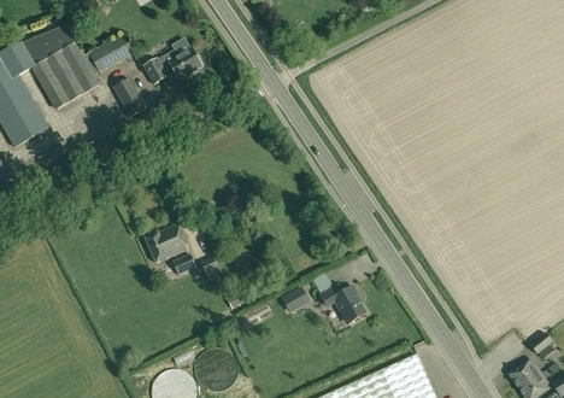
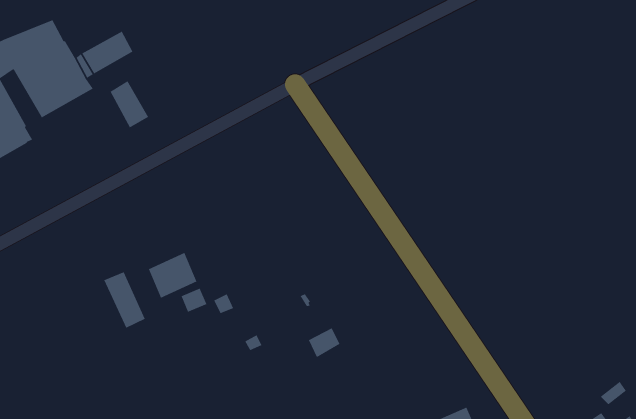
building: [143,47,202,84] -> none
building: none -> [103,271,146,329]
building: [313,274,366,323] -> none

